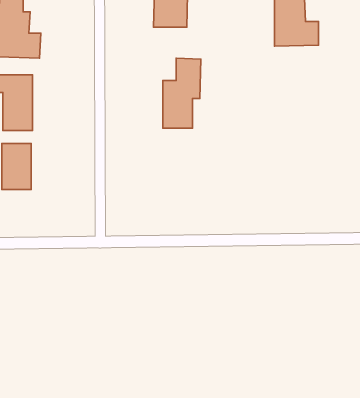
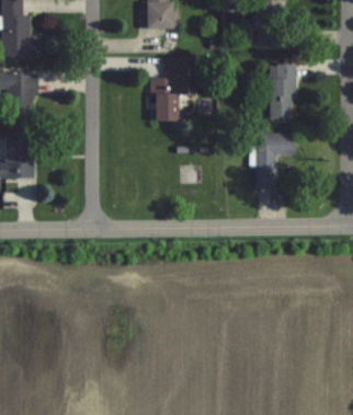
building: none -> [270,64,295,118]
building: none -> [255,131,297,188]

